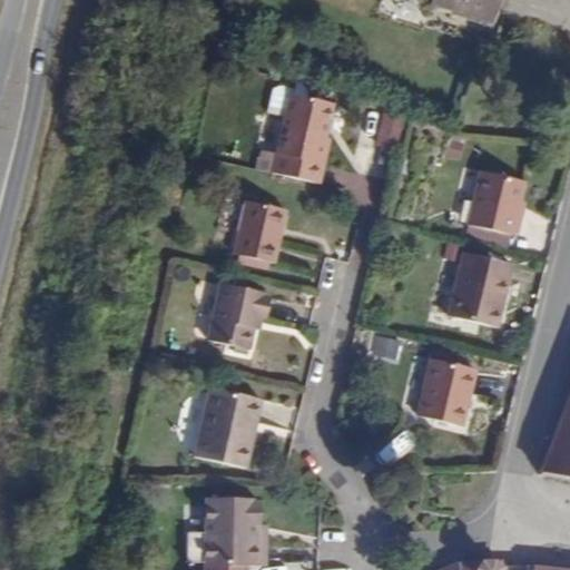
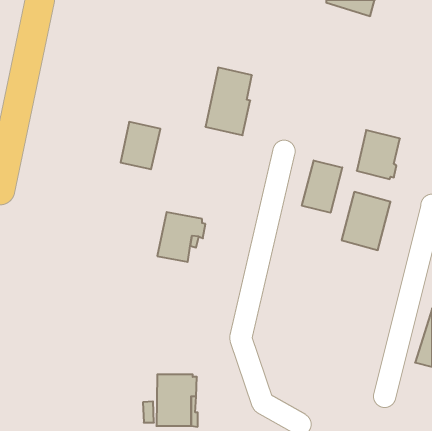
building: [234,197,286,259] -> [121,122,160,169]
building: none -> [302,160,342,213]
building: [417,364,476,433] -> none
building: [193,385,258,465] -> none

